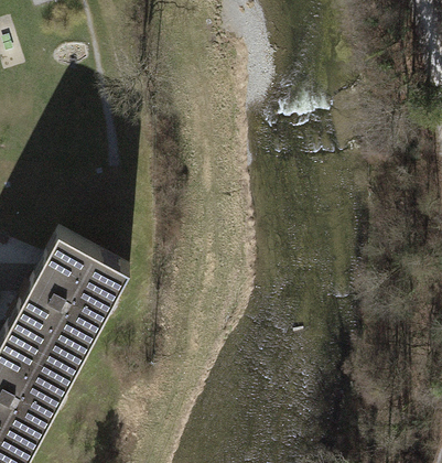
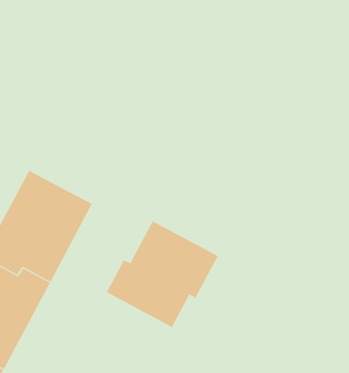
building: none -> [106,221,219,328]

